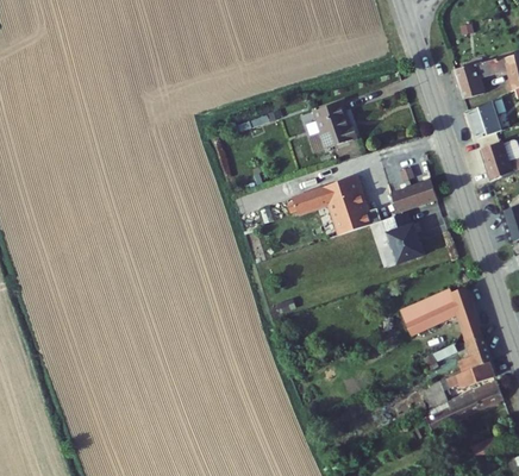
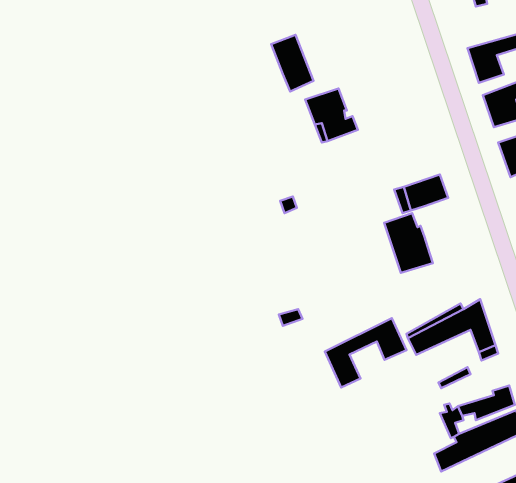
building: none -> [271,35,313,91]
building: [314,174,381,234] -> none
building: none -> [325,318,407,388]
building: [459,334,489,368] -> none

